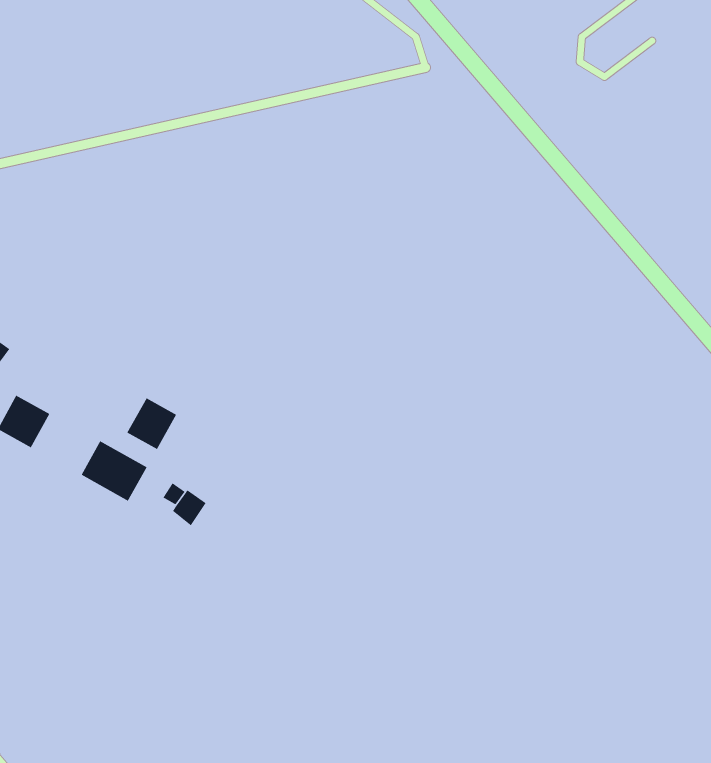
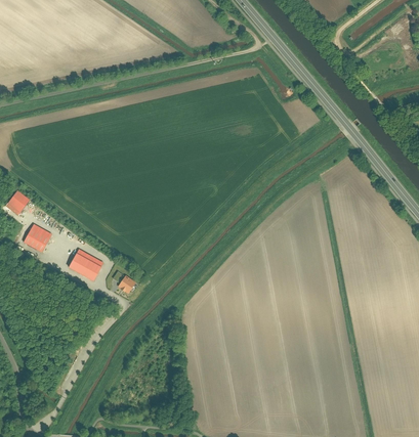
building: [127,398,177,450] -> none

